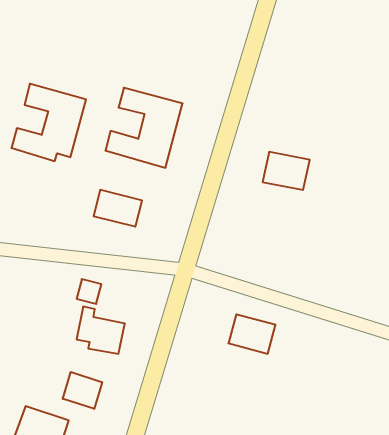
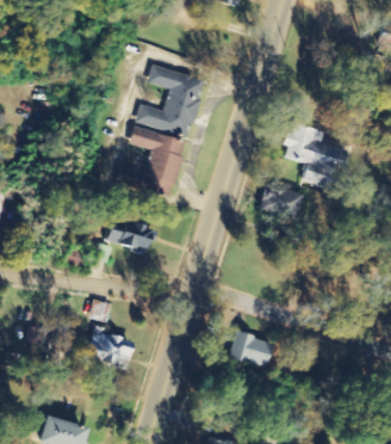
building: [11,84,86,161] -> [137,63,205,134]
building: none -> [281,123,346,189]
building: [63,372,102,409] -> none

